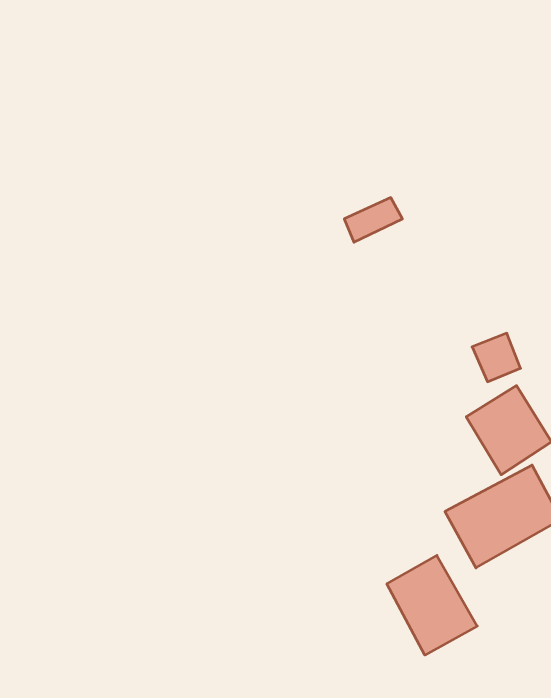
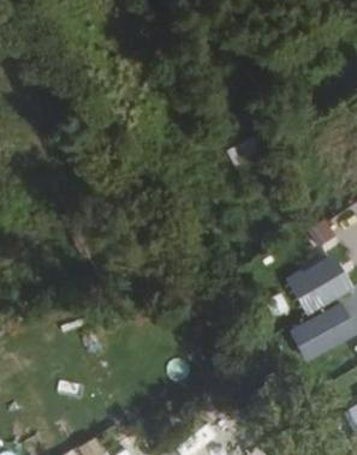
building: [387,555,477,655] -> none

